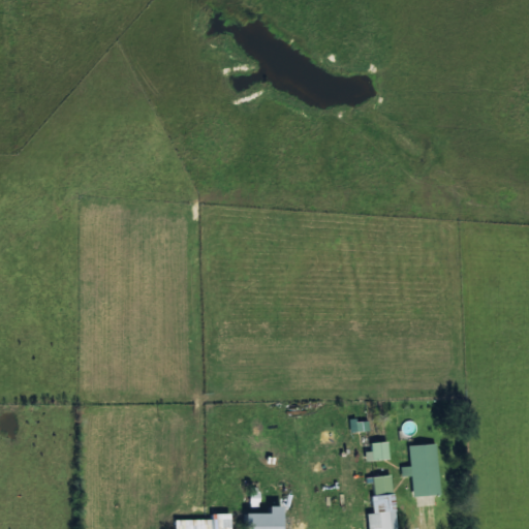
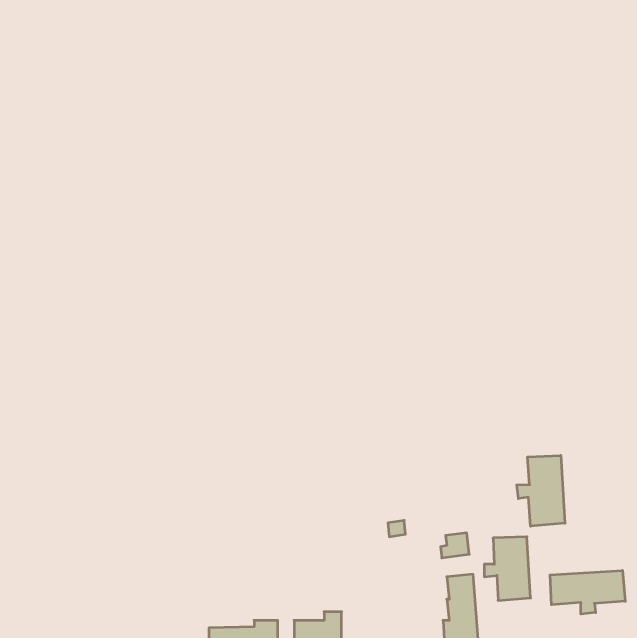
building: none -> [517,455,565,526]
building: none -> [550,570,625,614]

